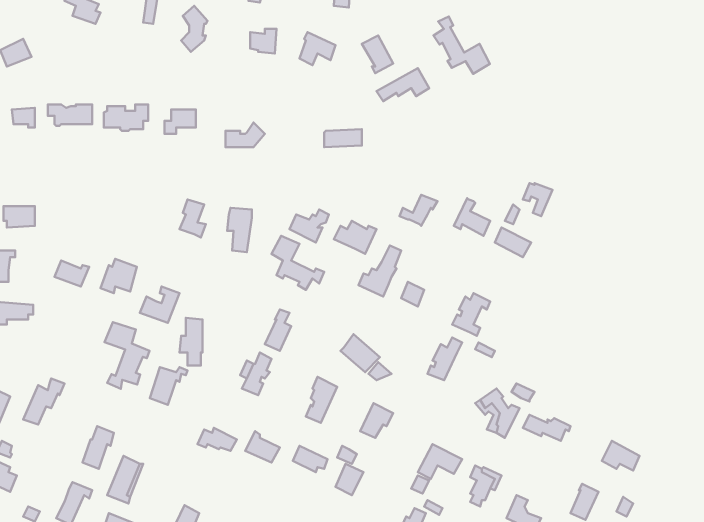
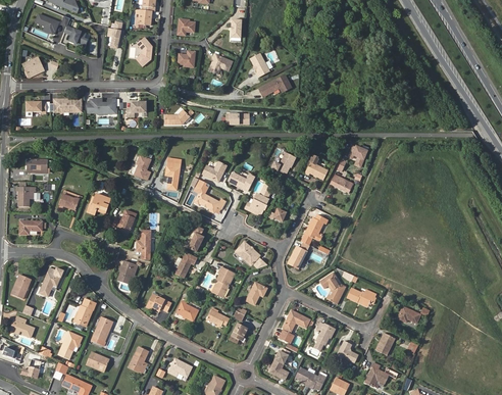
building: [433,16,490,74] -> none
building: [105,322,150,389] -> none

